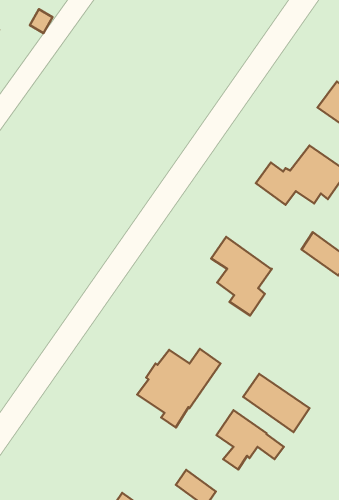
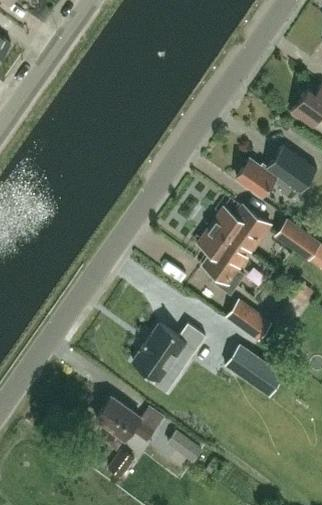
building: none -> [210,206,270,253]
building: none -> [227,300,272,339]
building: [216,410,284,470] -> [96,397,155,449]

